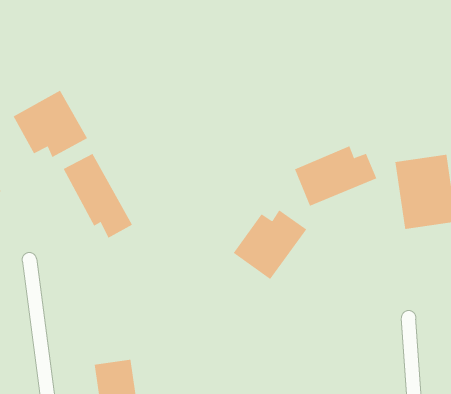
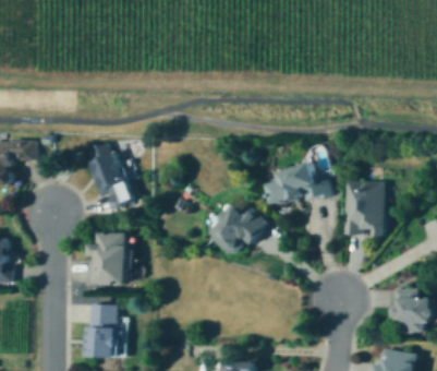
building: [13,90,88,158] -> none
building: none -> [88,232,128,284]

